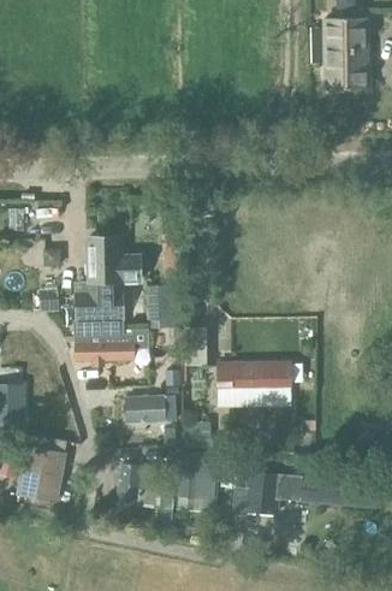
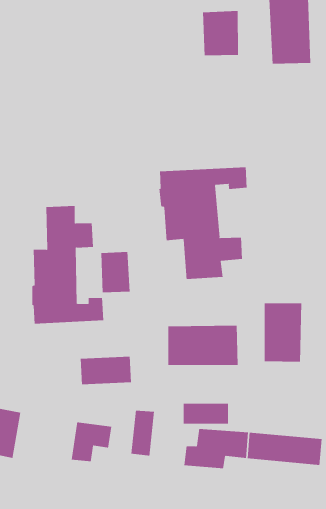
building: none -> [203,10,238,56]
building: none -> [159,167,247,280]
building: none -> [264,302,302,363]
building: none -> [183,403,228,424]

